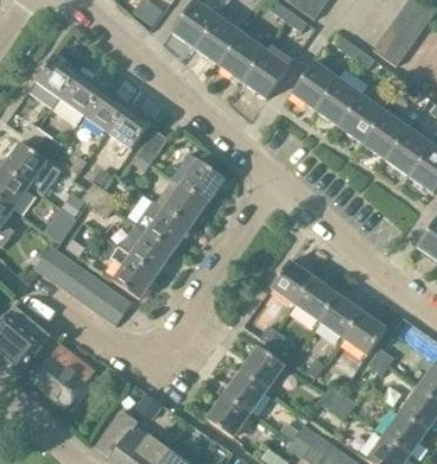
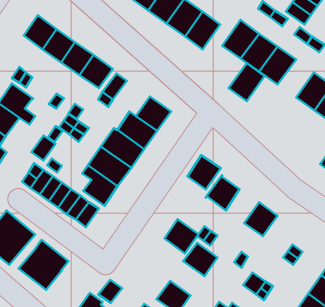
building: [362,112,408,160] -> [228,63,265,101]
building: [296,278,338,322] -> [187,155,221,190]
building: [343,312,387,357] -> none
building: [224,370,268,414] -> [164,219,199,253]

